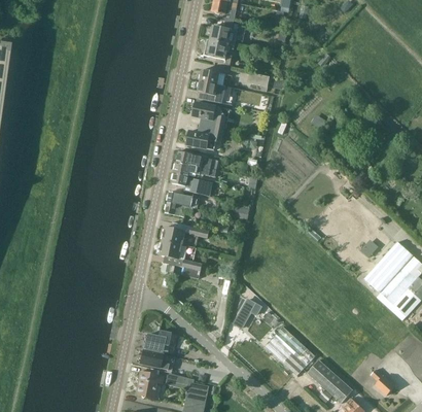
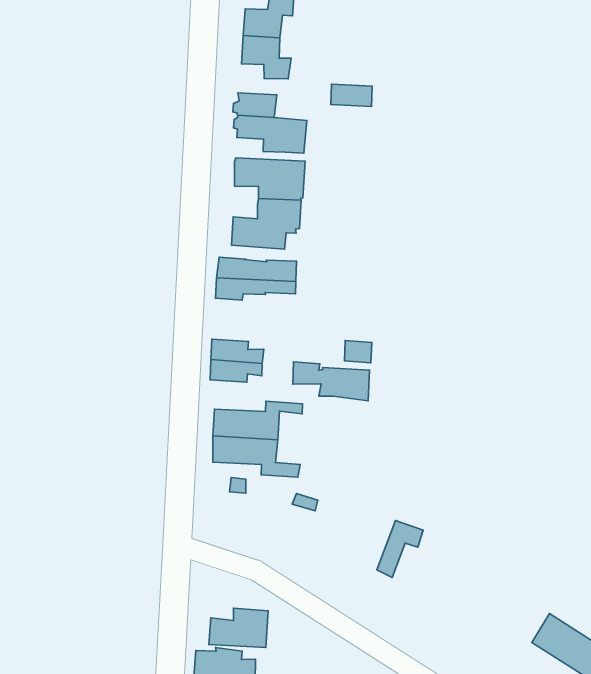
building: [172,172,212,198] -> [293,362,369,401]
building: [265,327,316,376] -> none

